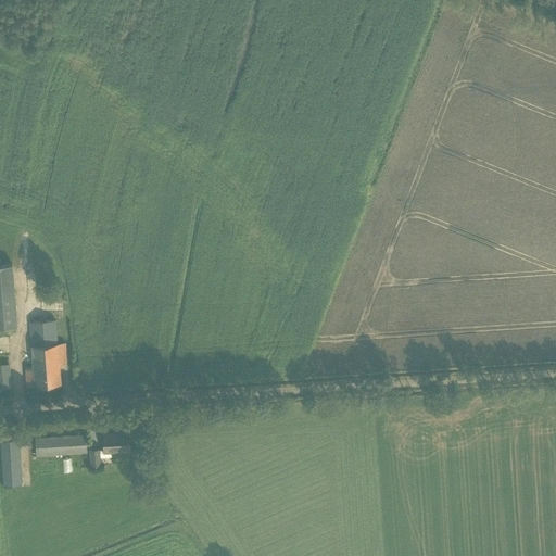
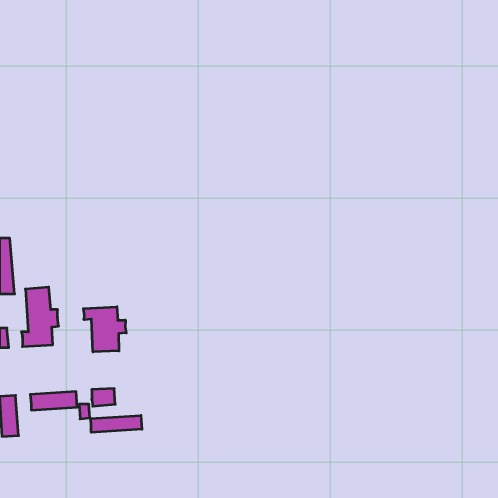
building: none -> [83,307,126,352]
building: none -> [90,415,142,432]

